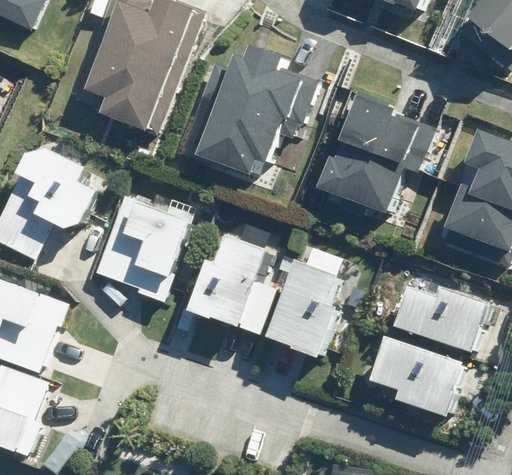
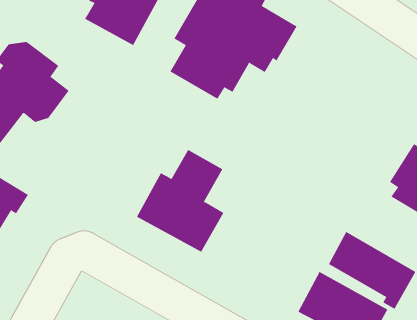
building: [315,91,437,214] -> none
building: [96,196,194,303] -> none
building: [266,260,337,358] -> none

